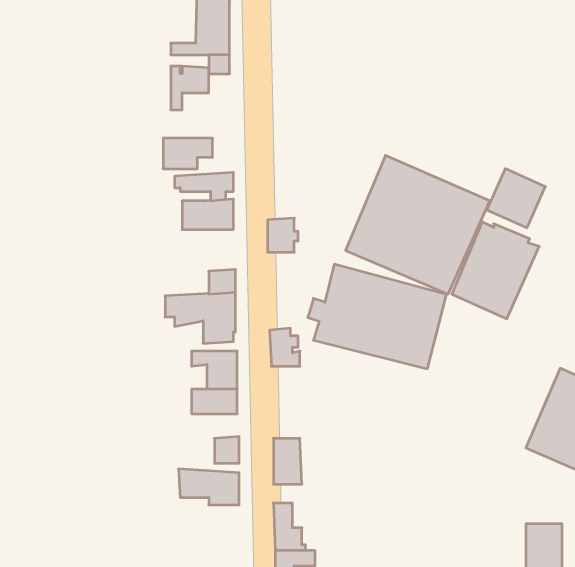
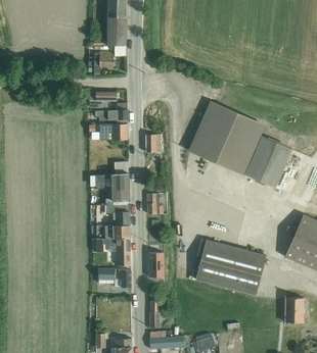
building: [487,169,545,228] -> none
building: [308,264,446,369] -> [191,239,266,295]
building: none -> [95,239,130,253]

